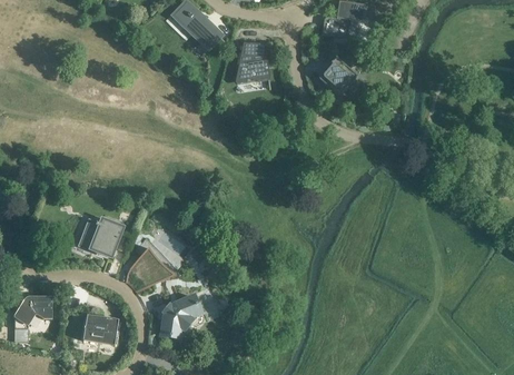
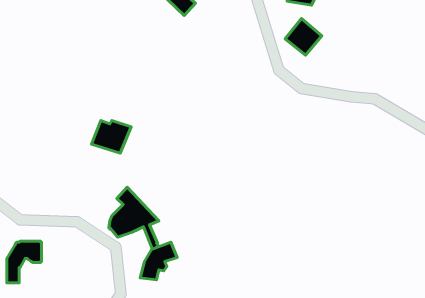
building: [235,42,269,83] -> none
building: [79,221,122,257] -> [91,121,131,153]
building: [82,314,118,344] -> none

